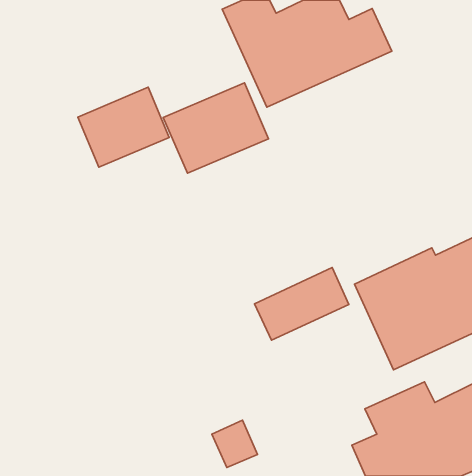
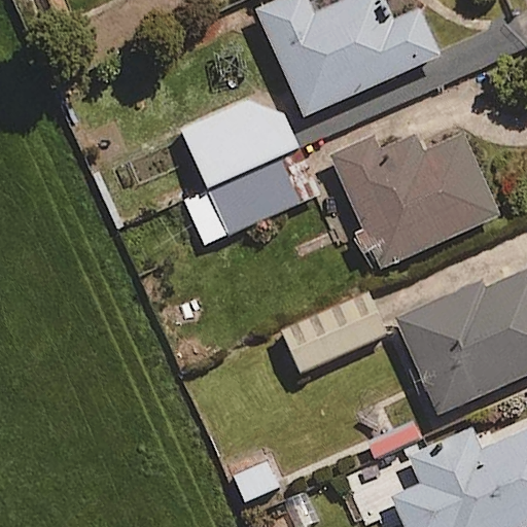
building: [78,87,169,167] -> none
building: none -> [324,130,496,272]
building: none -> [190,165,306,248]

